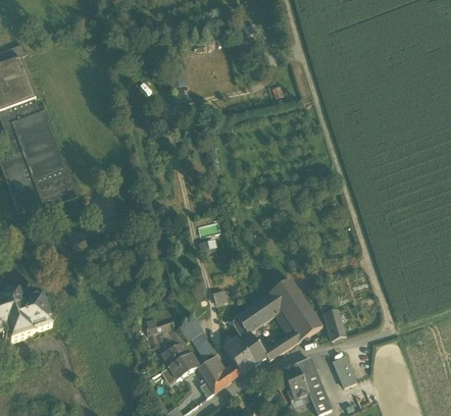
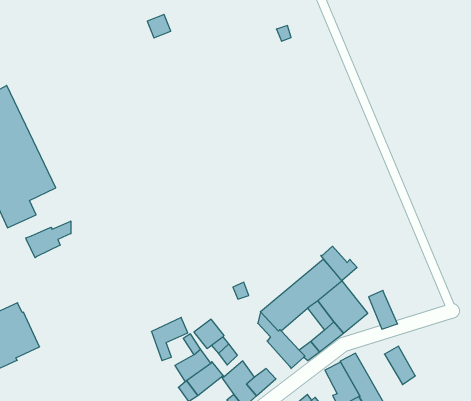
building: none -> [26,221,71,258]
building: none -> [321,246,357,281]
building: [223,336,254,371] -> none

